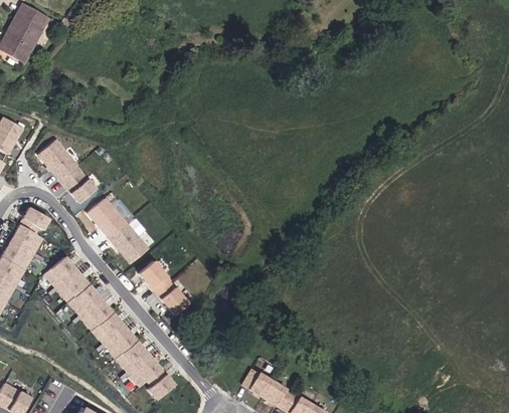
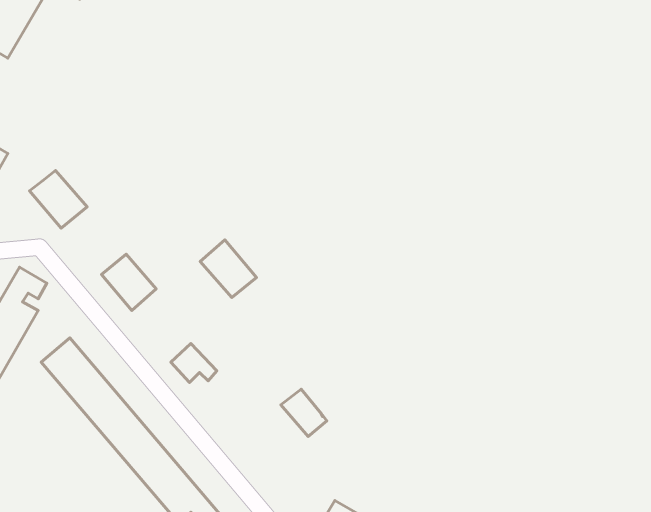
building: [59,166,96,202] -> none
building: [109,222,148,262] -> [200,240,256,298]
building: [156,281,188,315] -> [281,389,327,437]

